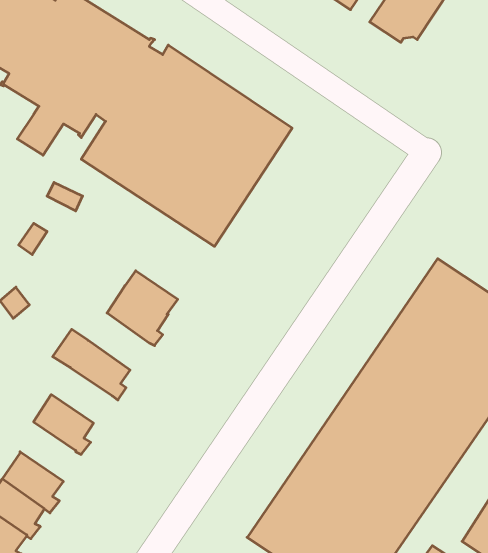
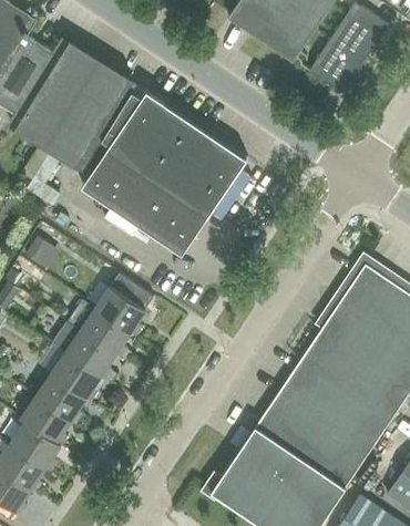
building: none -> [80,308,130,357]
building: none -> [50,352,100,401]
building: none -> [20,396,70,445]

